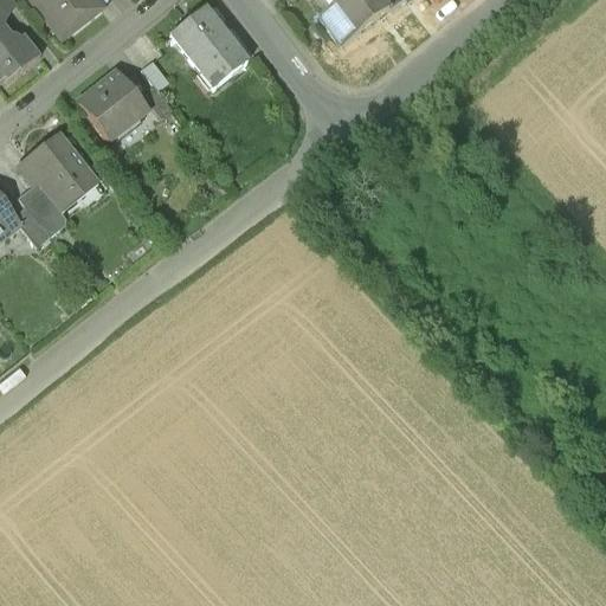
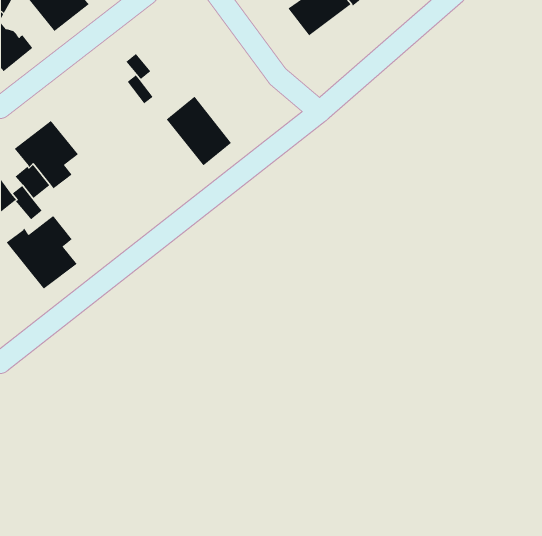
building: [173,7,246,85] -> [166,96,232,166]
building: [79,70,148,140] -> none
building: none -> [6,215,77,289]

